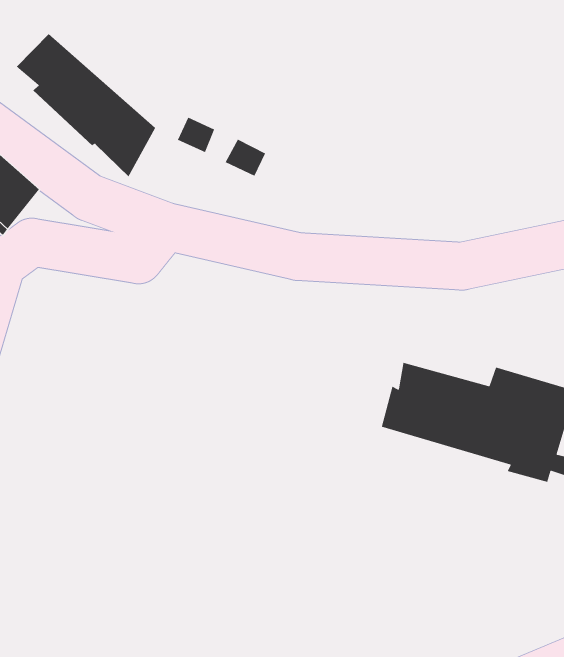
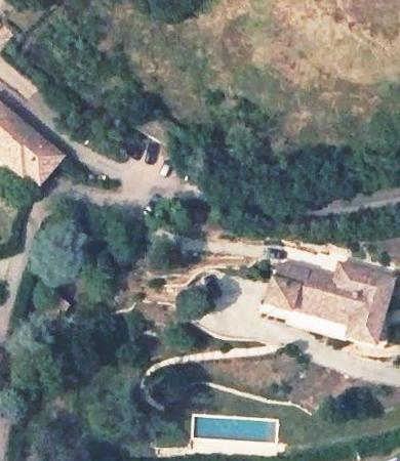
building: [16,33,156,178] -> none

